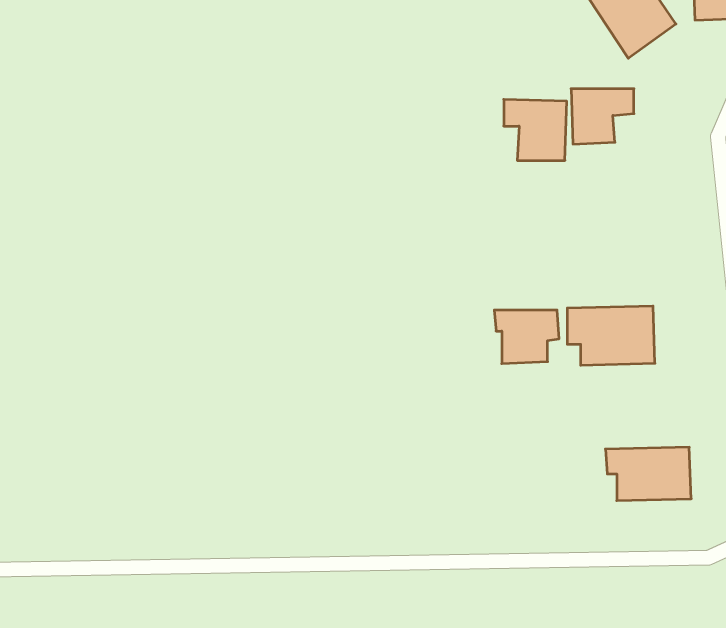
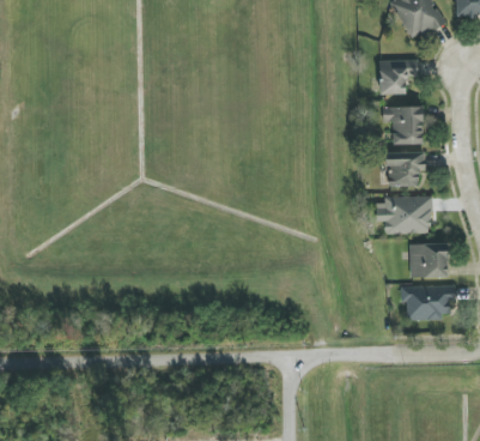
building: [504,99,567,160] -> [383,105,423,144]
building: [494,310,559,364] -> [384,152,425,186]
building: none -> [409,242,448,277]

